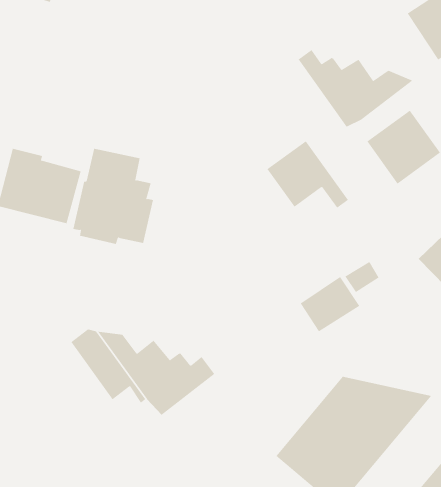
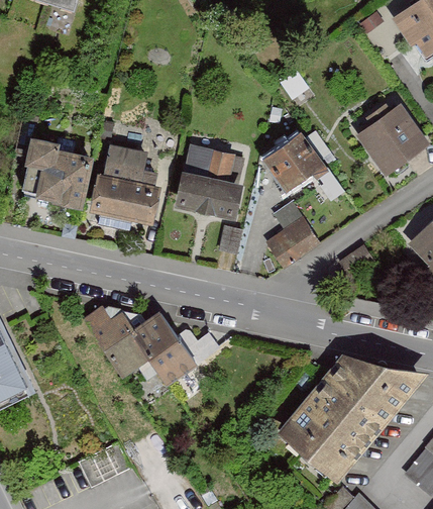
building: [298,49,413,127] -> none
building: none -> [174,144,249,224]
building: [300,276,360,332] -> [264,216,320,268]

